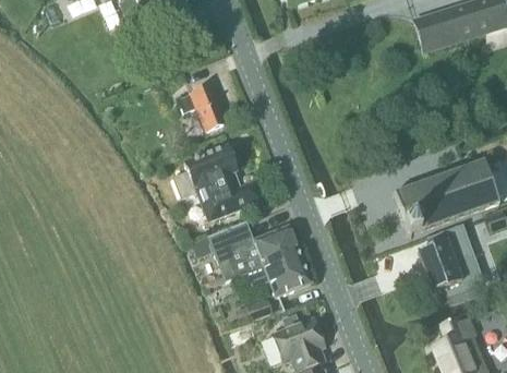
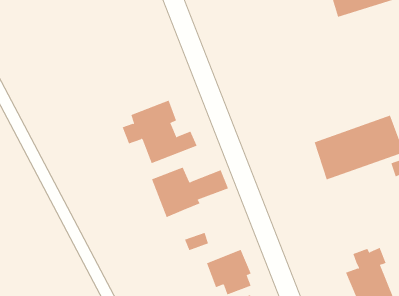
building: [179,82,229,131] -> none
building: [419,224,487,299] -> none
building: [248,246,312,296] -> none

